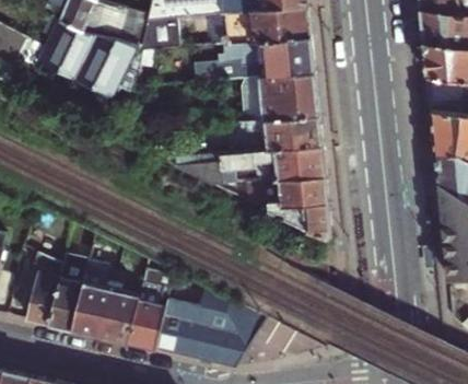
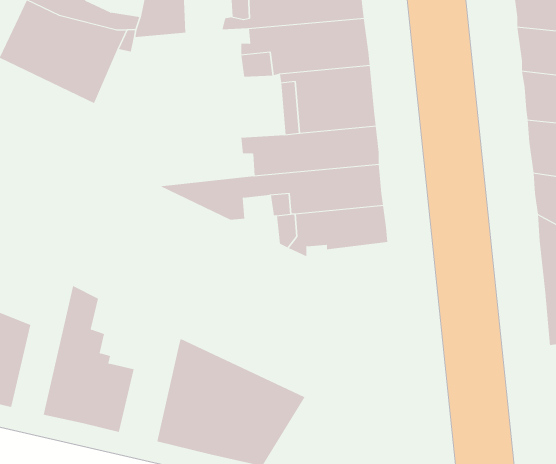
building: [267,201,330,238] -> none
building: [48,229,93,329] -> none
building: [128,270,172,349] -> none

